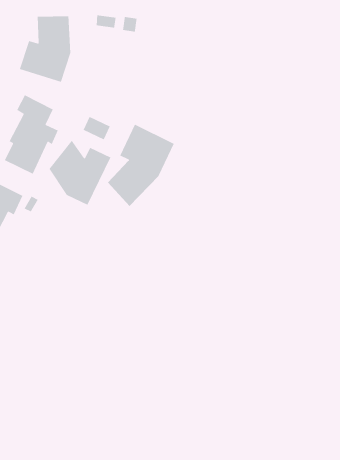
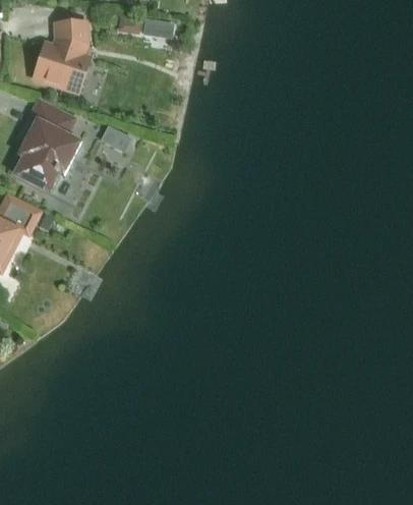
building: [107,124,175,207] -> none
building: [48,139,111,206] -> none

